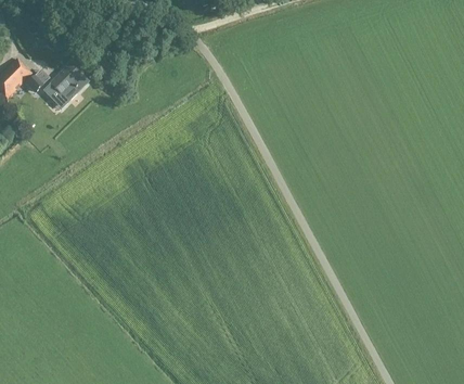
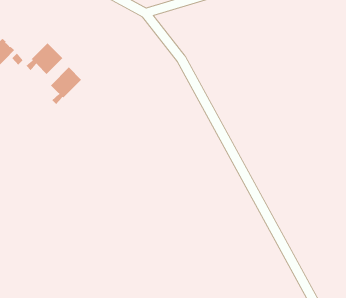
building: none -> [50,67,82,105]

